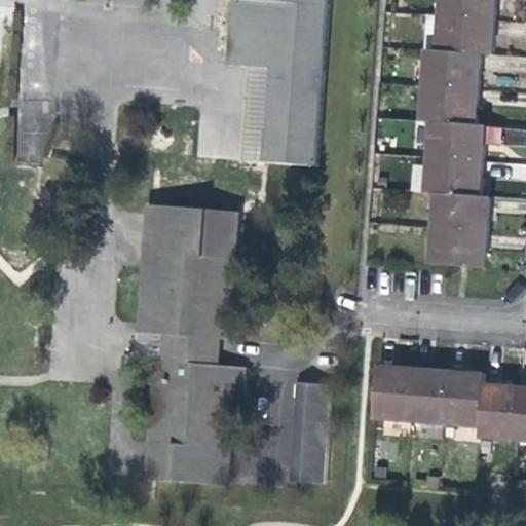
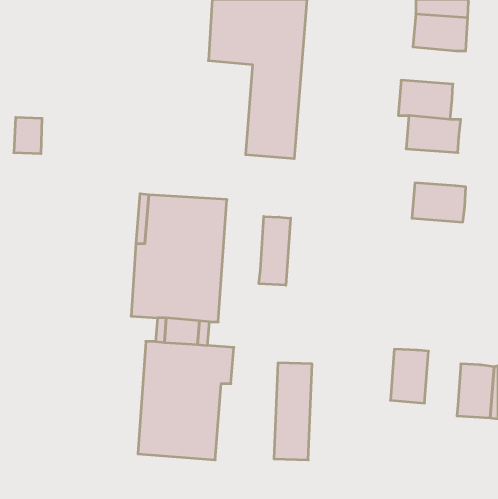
building: [421,49,479,88] -> none
building: [424,156,481,195] -> none
building: none -> [259,216,291,285]
building: [430,229,486,267] -> none
building: [375,364,414,420] -> none
building: [446,369,485,425] -> none

